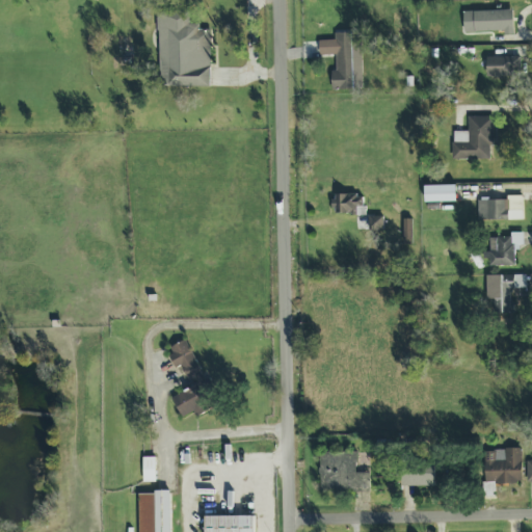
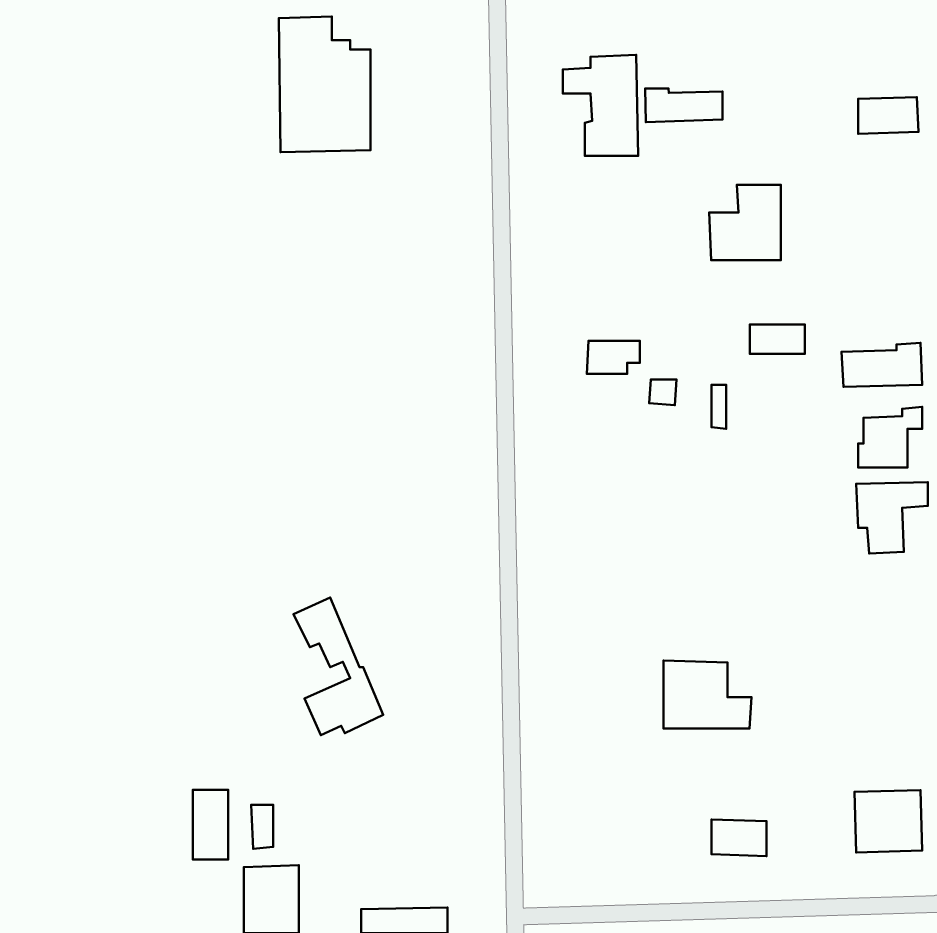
building: [463,8,513,33] -> none
building: none -> [645,88,723,122]
building: [452,115,493,158] -> [709,185,781,260]
building: none -> [193,790,228,860]
building: [320,451,370,489] -> [663,661,751,728]

